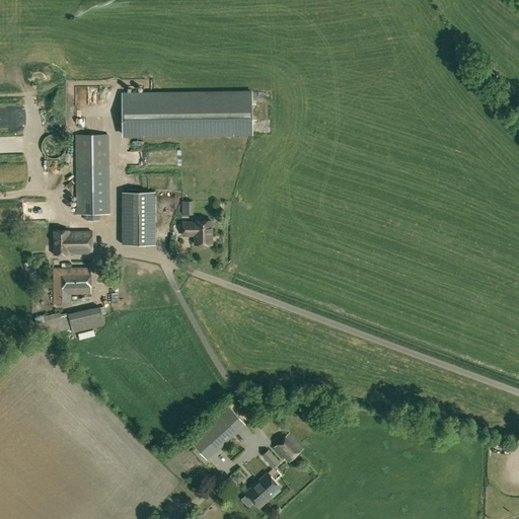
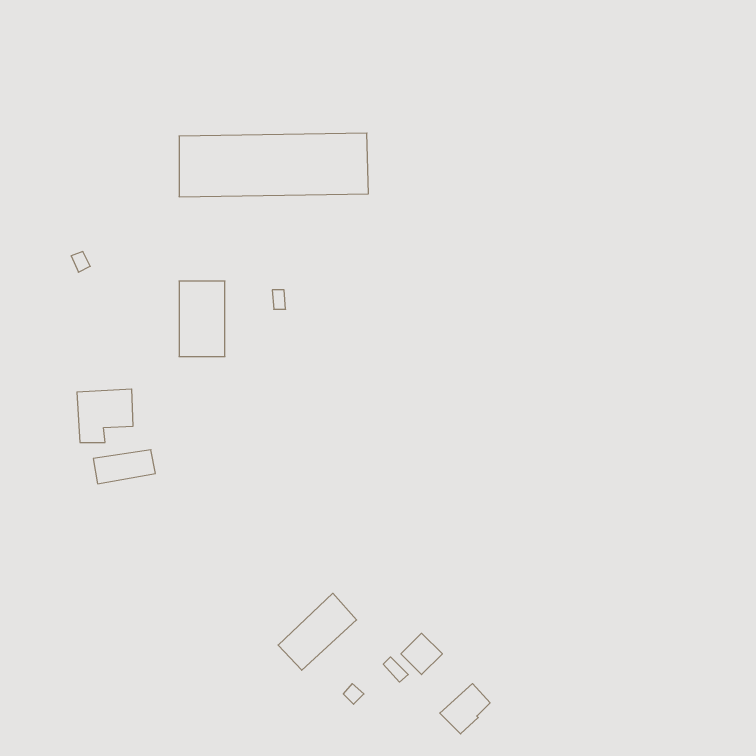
building: [76,135,108,220] -> none
building: [182,221,212,243] -> none
building: [54,230,92,254] -> none
building: [246,473,281,508] -> [440,684,490,734]

